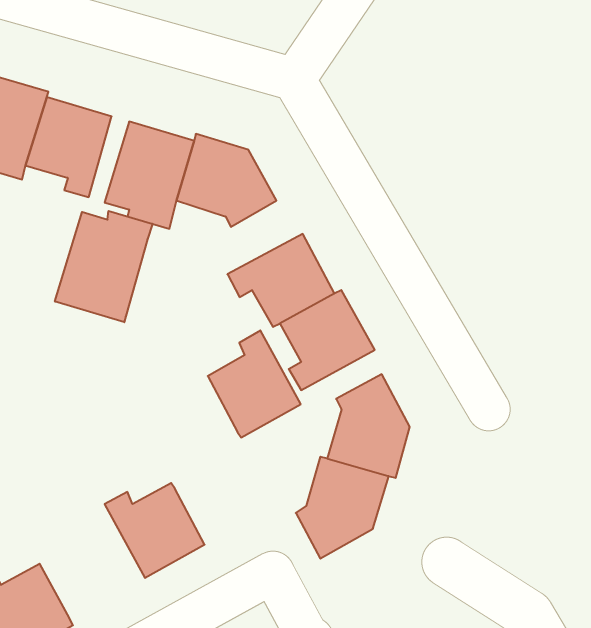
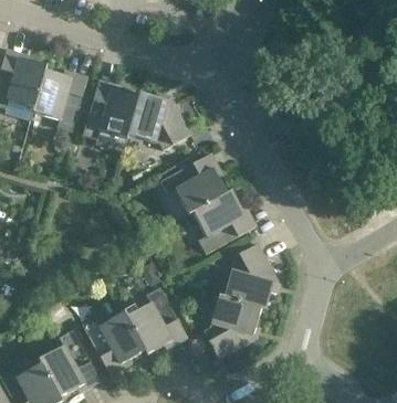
building: [55,211,153,322] -> none
building: [208,330,301,437] -> [126,285,185,352]
building: none -> [39,328,97,395]

